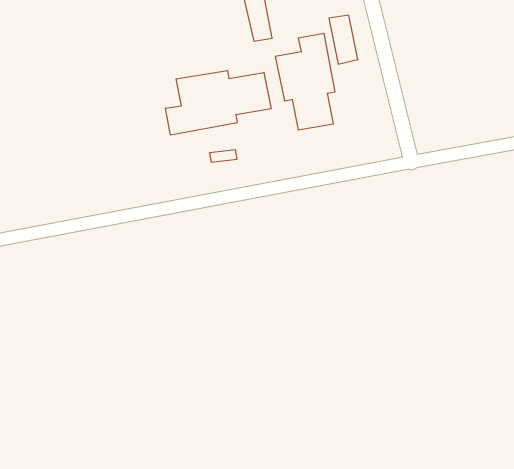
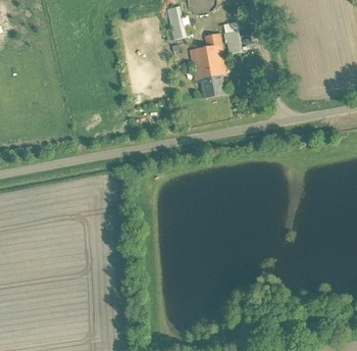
building: [165,70,271,135] -> none

